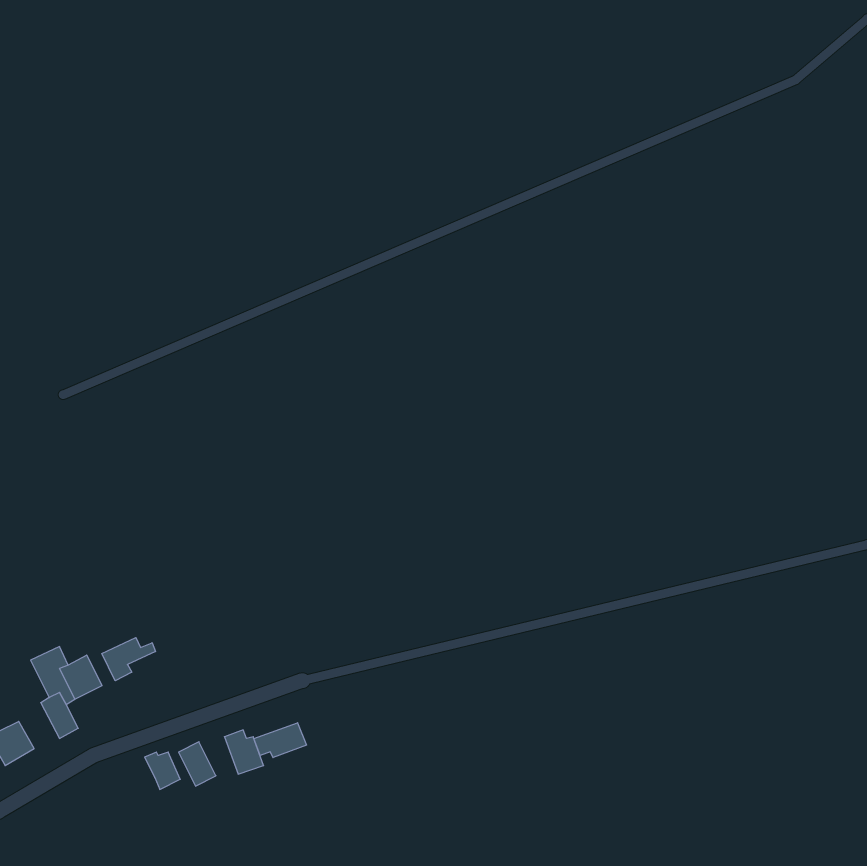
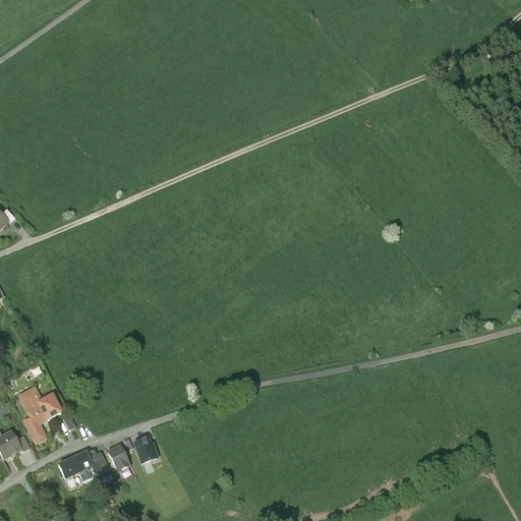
building: [102,638,155,681] -> none
building: [254,723,307,758] -> none
building: none -> [58,450,93,477]

